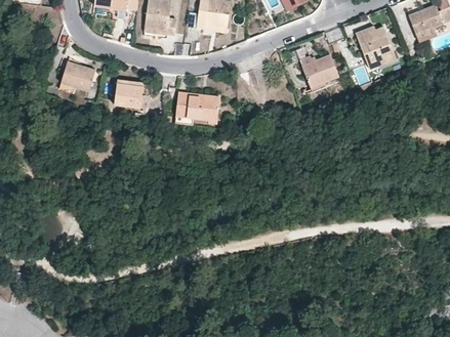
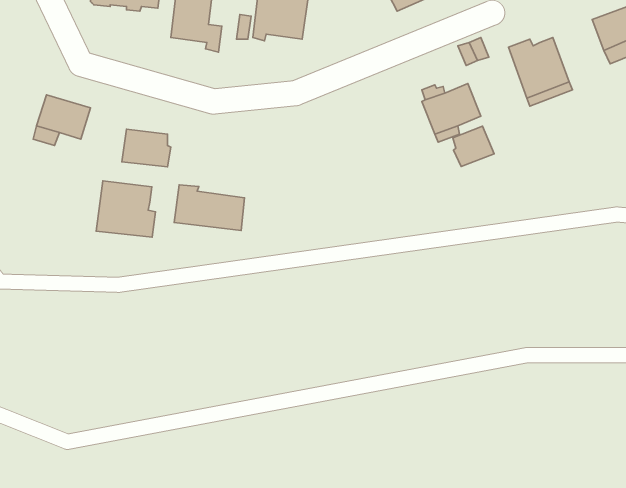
building: none -> [453,126,494,167]
building: [176,91,220,120] -> [174,185,245,231]
building: none -> [96,181,156,237]

